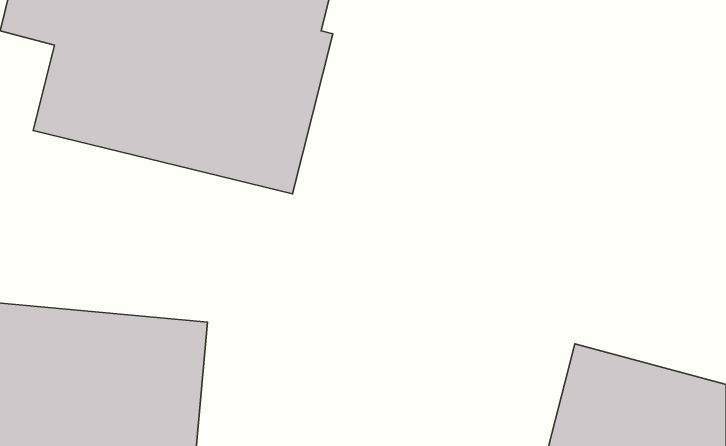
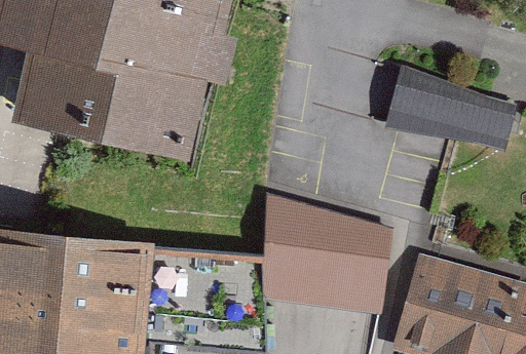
building: none -> [383,64,514,151]
building: none -> [260,193,390,315]

